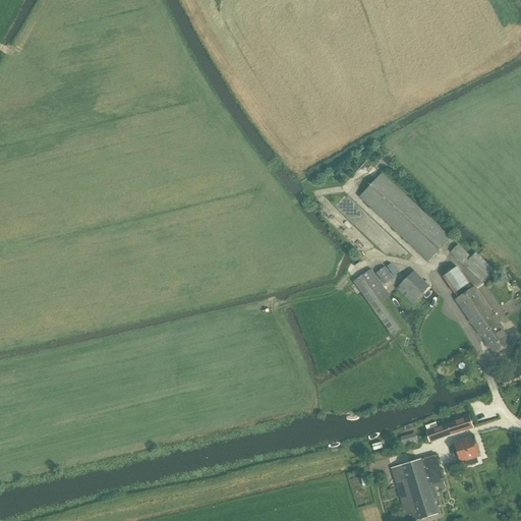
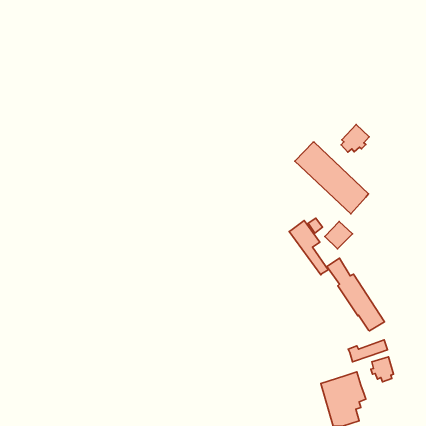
building: none -> [341,124,369,152]
building: [450,244,493,282] -> none
building: [442,266,512,354] -> [327,258,385,331]

